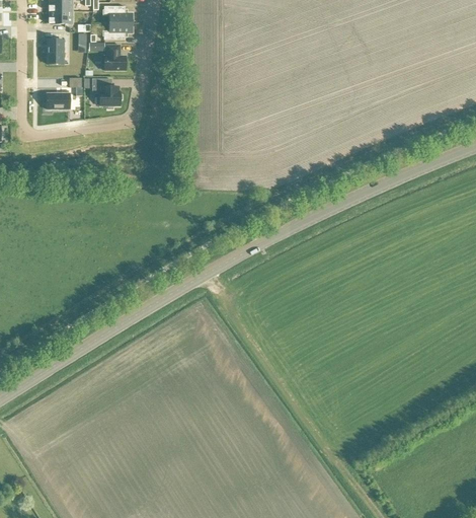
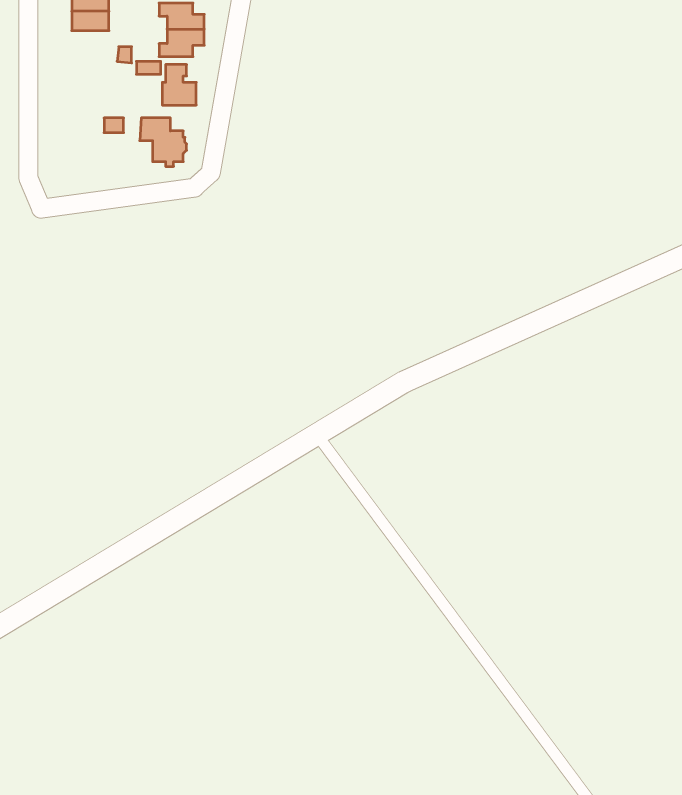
building: [47,40,63,64] -> none
building: [46,92,70,108] -> none

